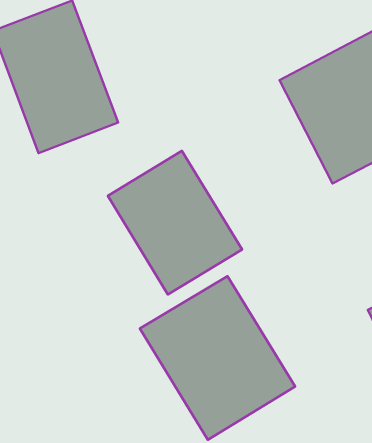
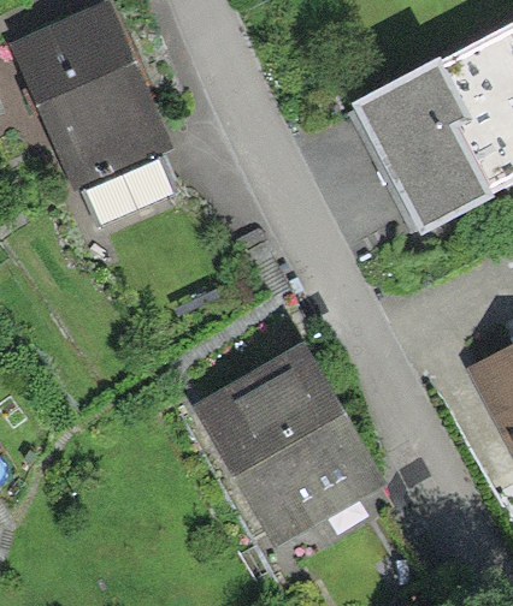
building: [108,151,242,294] -> none

